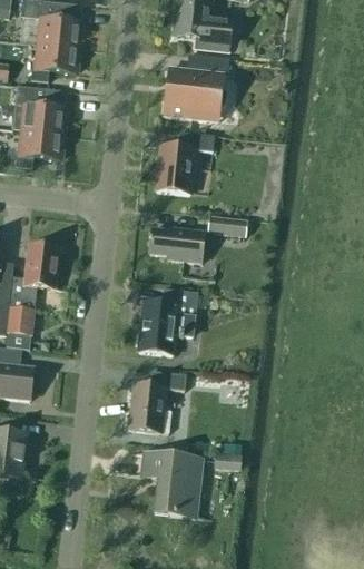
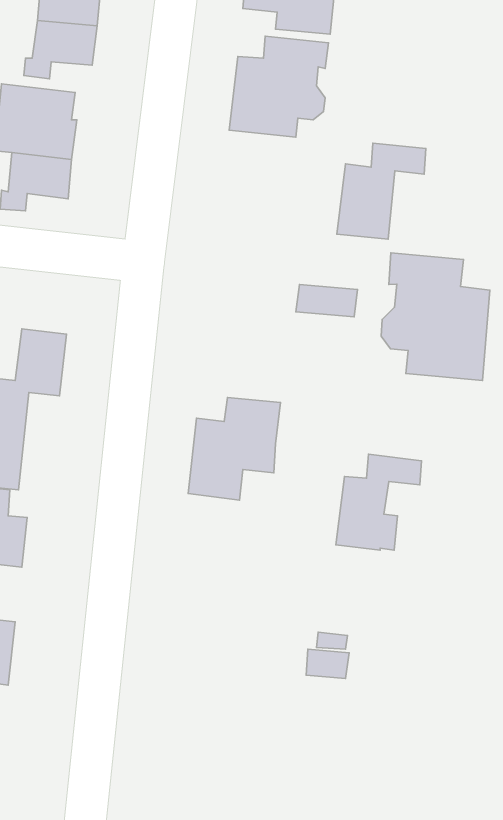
building: [155,131,213,194] -> [337,143,426,239]
building: none -> [381,253,490,381]
building: [148,227,204,263] -> none
building: [129,370,185,432] -> [336,454,421,550]
building: [141,452,201,517] -> none

